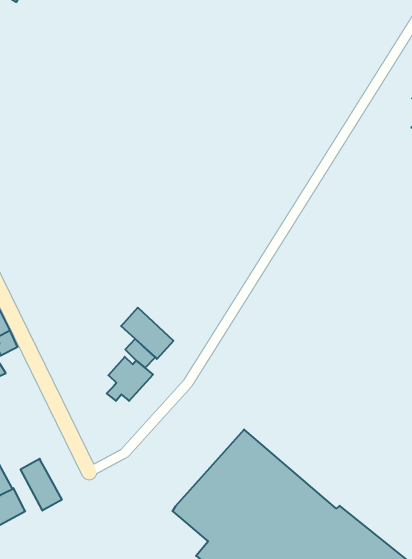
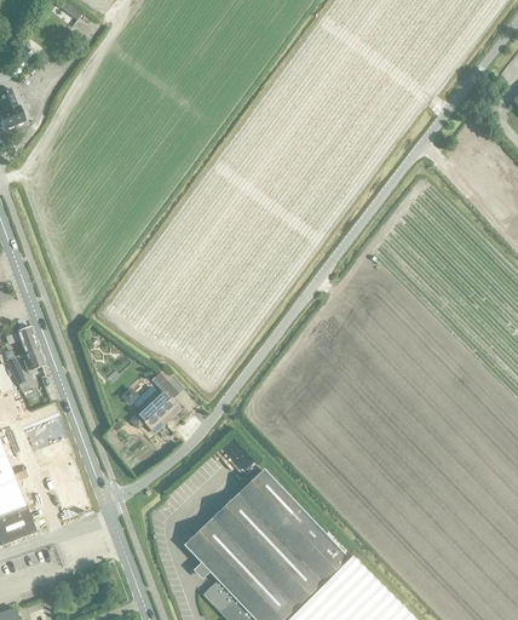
building: [121,308,173,359] -> none
building: [21,459,62,511] -> none

